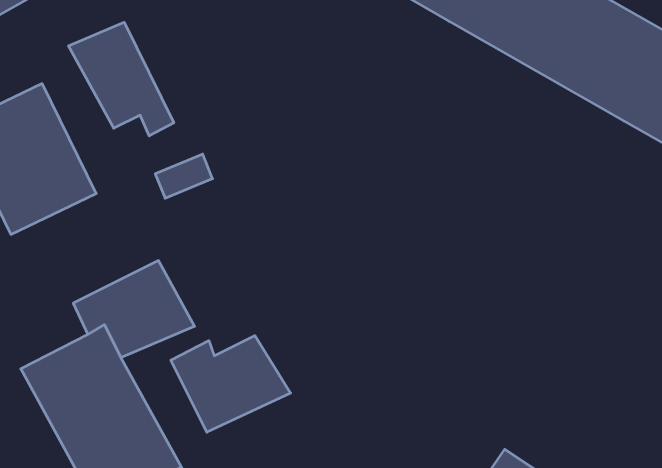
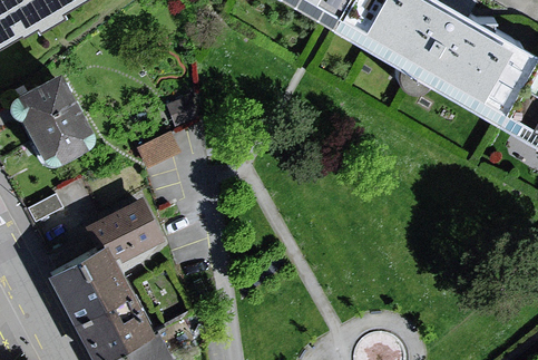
building: [69,22,174,136] -> none
building: [171,336,291,432] -> none

